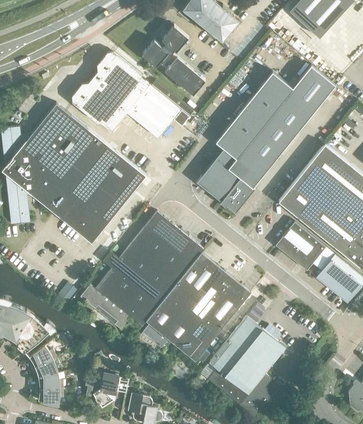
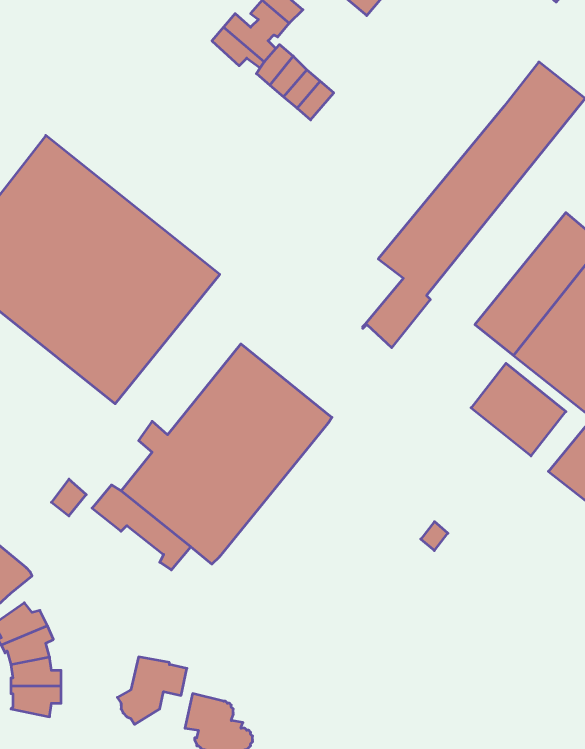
building: [74,55,193,139] -> none
building: [197,72,293,202] -> none
building: [141,253,251,361] -> none
building: [209,316,286,417] -> none

